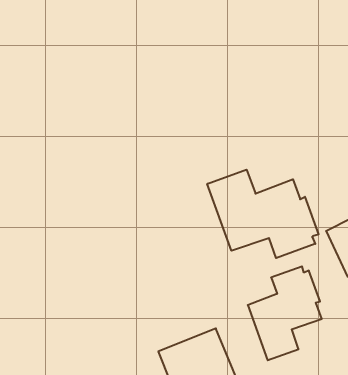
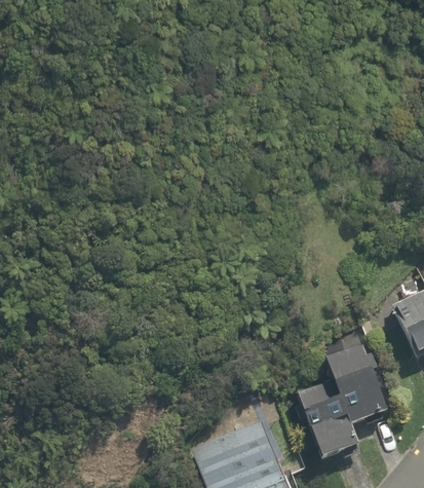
building: [207,170,319,258] -> none

